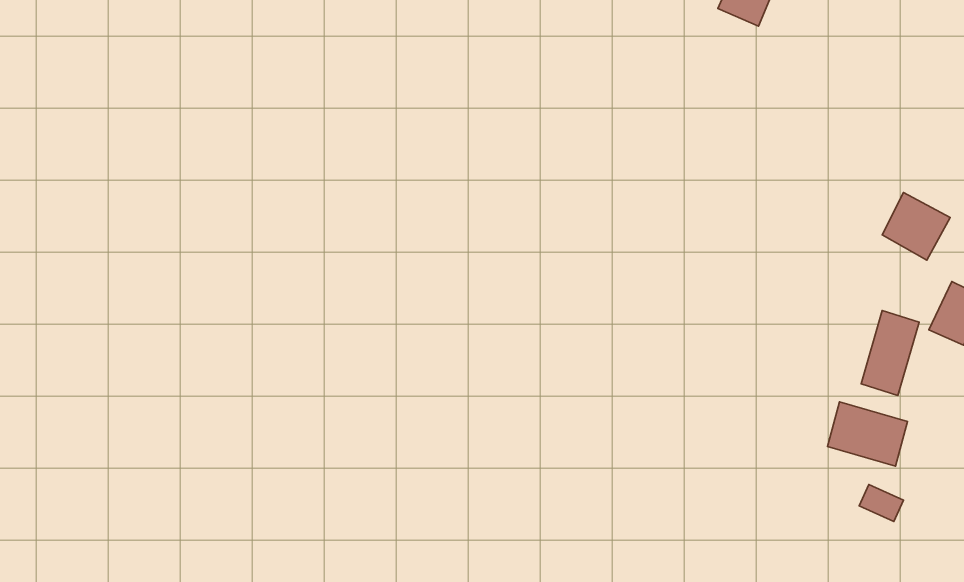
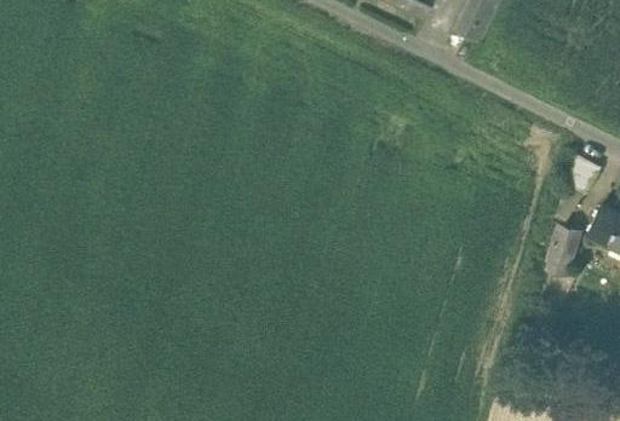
building: [827,402,908,466] -> none

